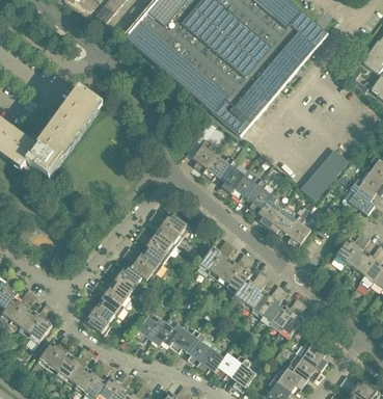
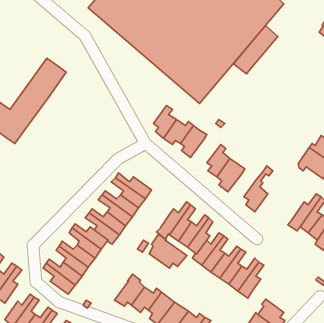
building: [301,150,347,200] -> [234,26,278,74]
building: [230,169,262,201] -> none
building: [269,205,305,236] -> none
building: none -> [149,234,187,268]
building: [134,316,166,342] -> none

